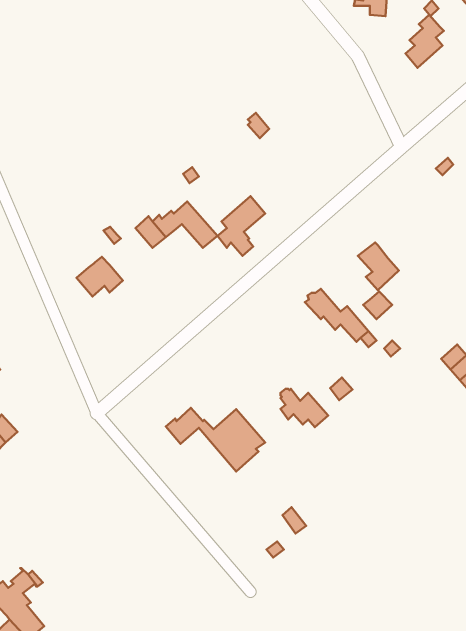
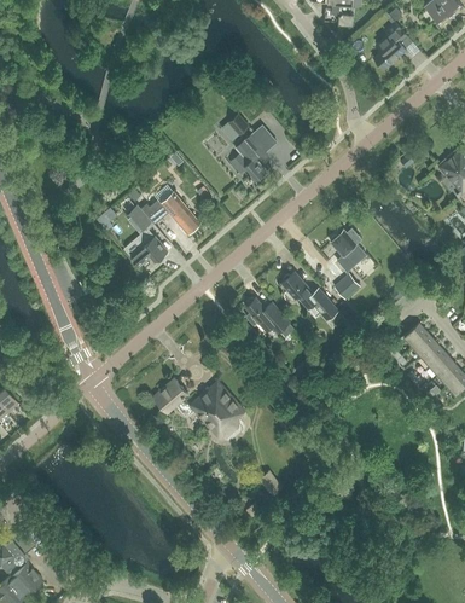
building: [217,196,265,256] -> [232,126,275,180]
building: [77,257,123,296] -> [124,230,167,266]
building: [280,389,328,427] -> [245,298,289,334]

